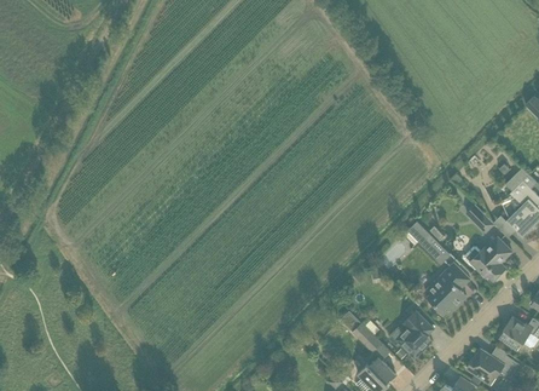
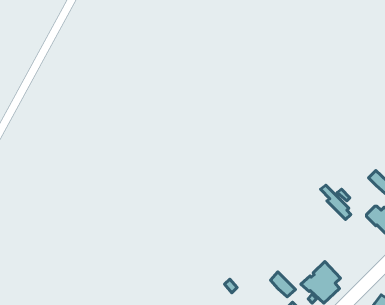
building: [425,263,470,314] -> none

